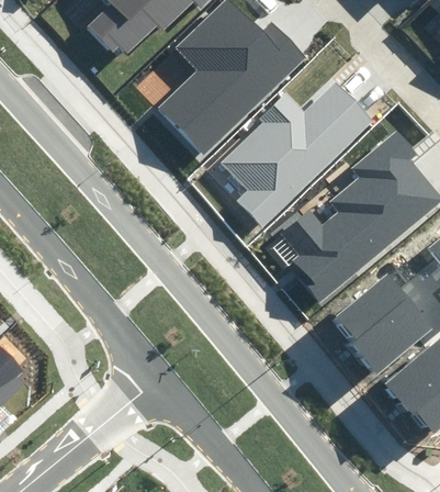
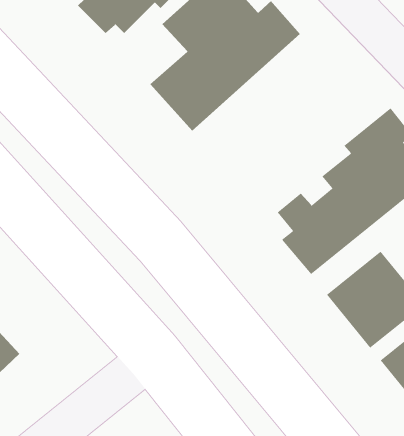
building: [218,81,373,228] -> none

